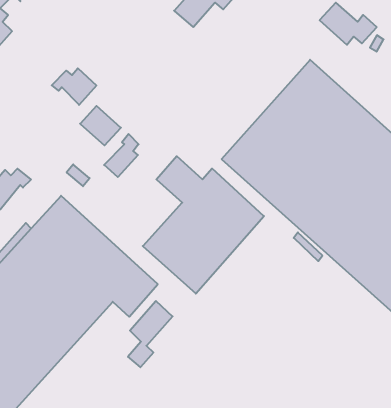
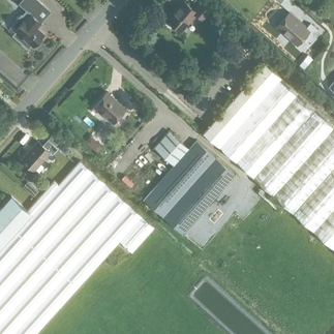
building: [52,68,96,105] -> none
building: [104,134,139,177] -> none
building: [128,301,173,367] -> none

